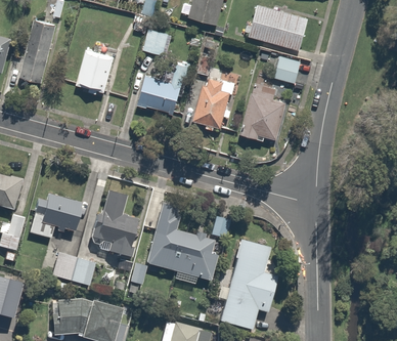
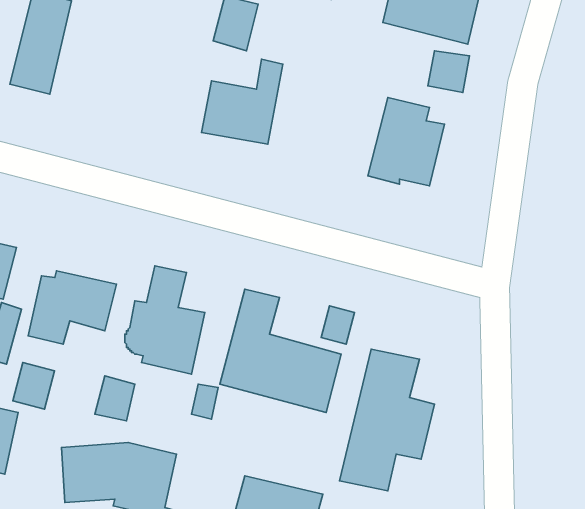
building: [75,51,111,92] -> none
building: [190,78,236,130] -> none
building: [51,251,77,280] -> [13,363,55,409]

